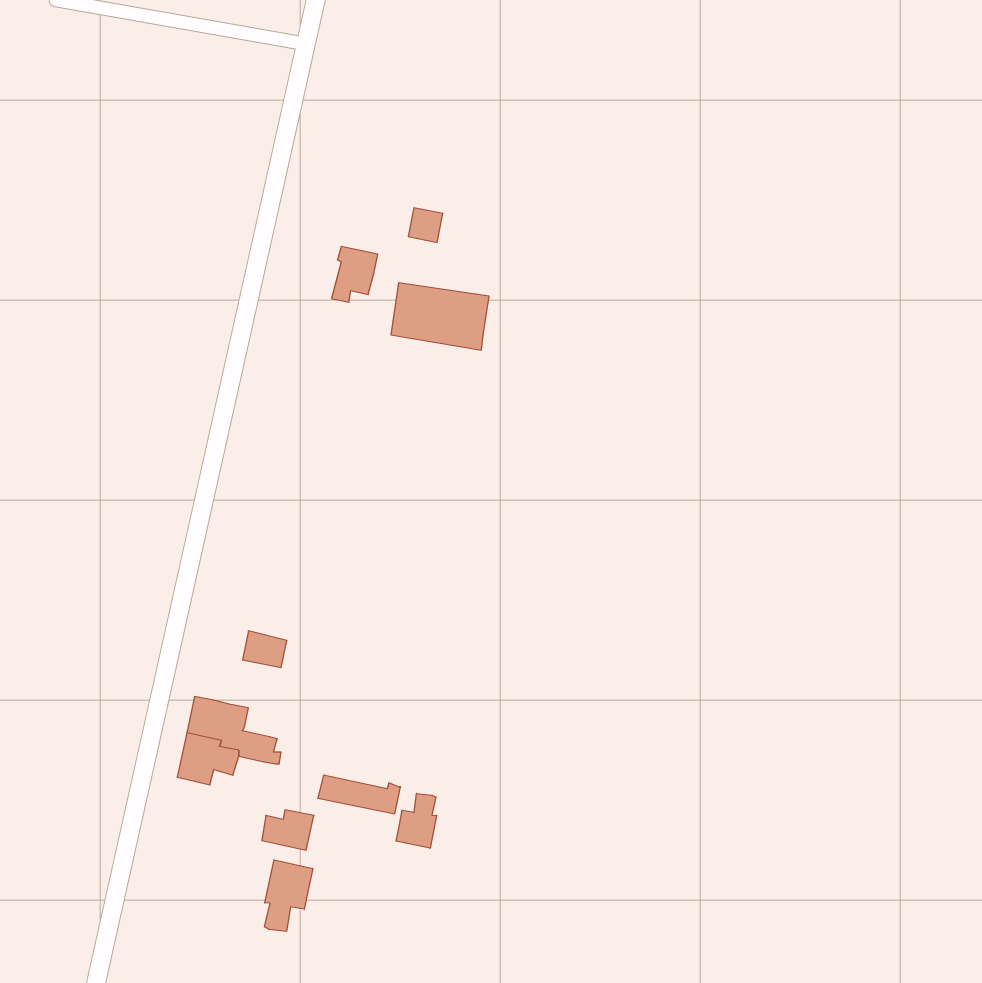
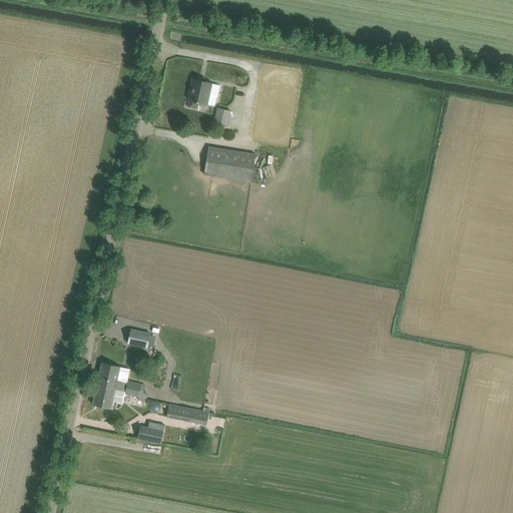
building: [332,246,378,302] -> [186,79,210,108]
building: [396,793,437,848] -> none
building: [265,860,313,931] -> none

